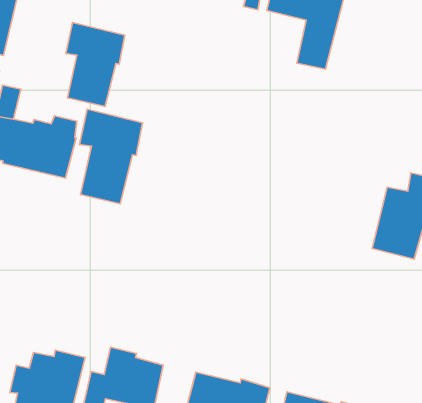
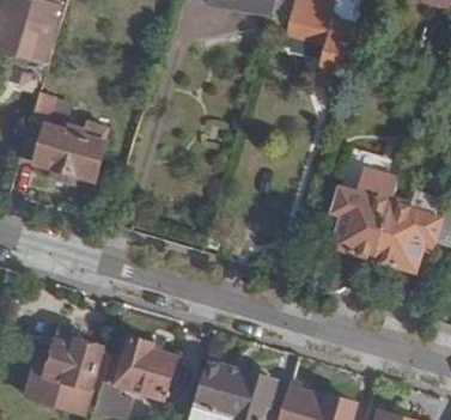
building: [66,22,125,107] -> none
building: [79,109,143,204] -> none
building: none -> [336,168,400,258]

